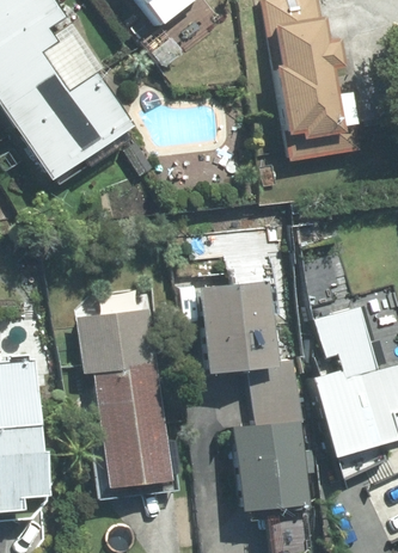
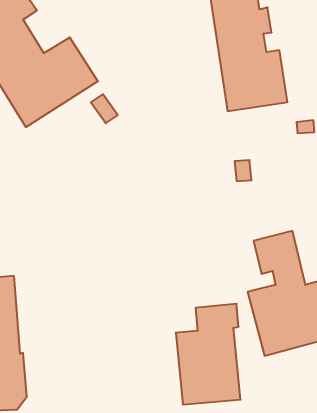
building: [192,282,299,398] -> none
building: [74,309,167,489] -> none

